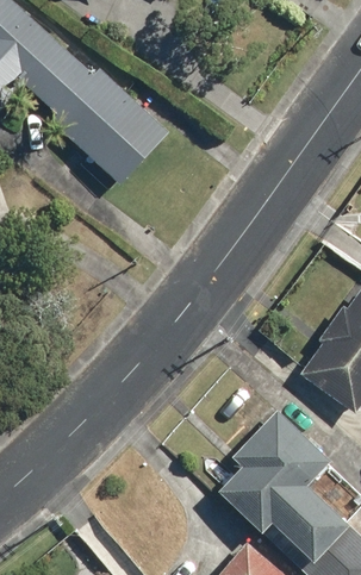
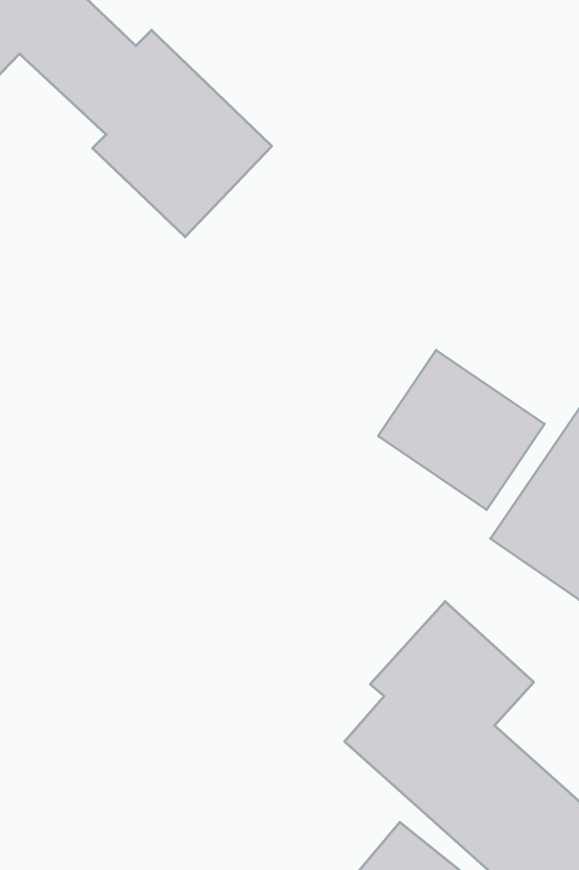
building: none -> [378,350,544,510]

